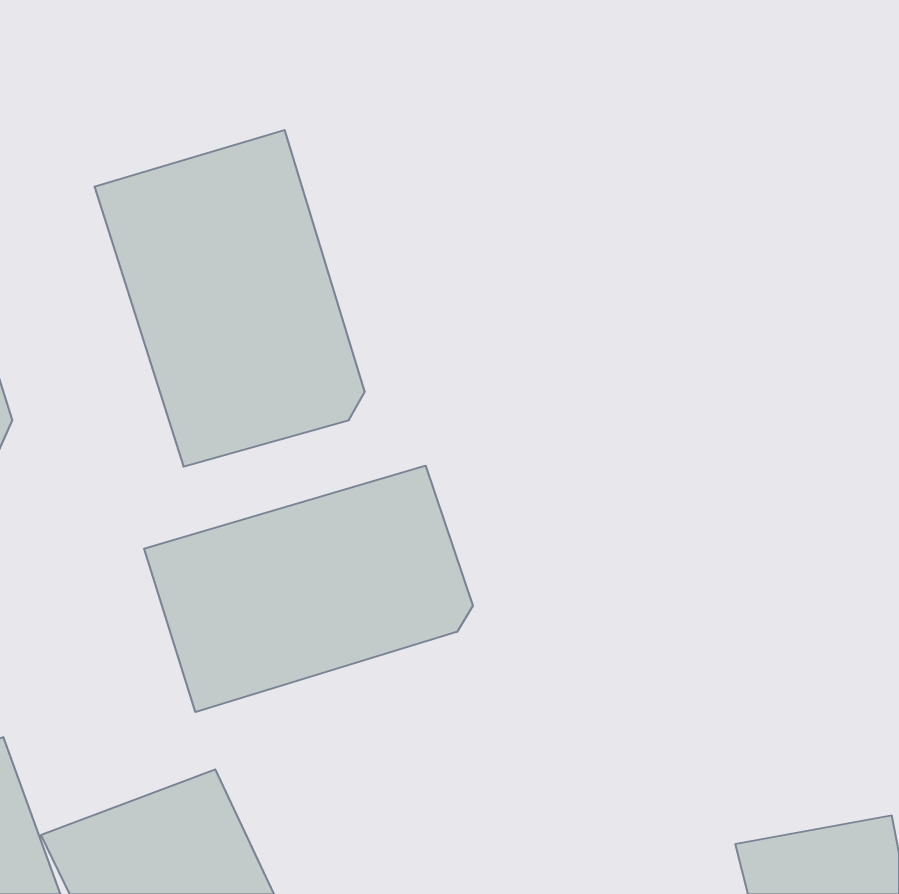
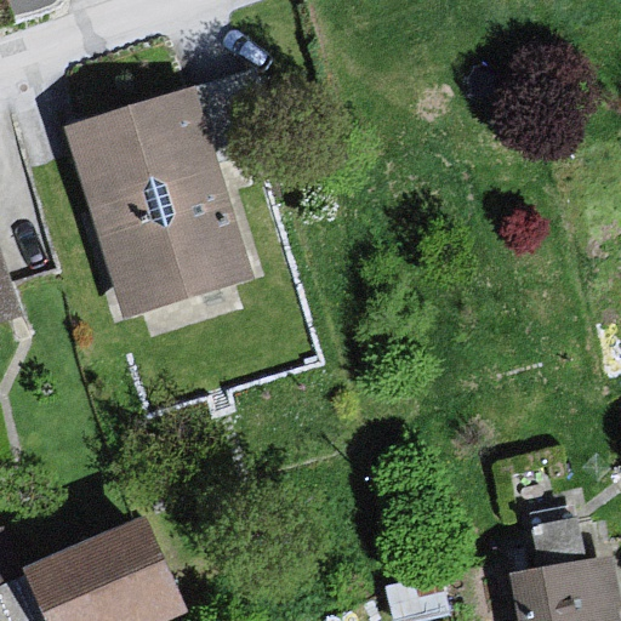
building: [144,466,473,712] -> none

